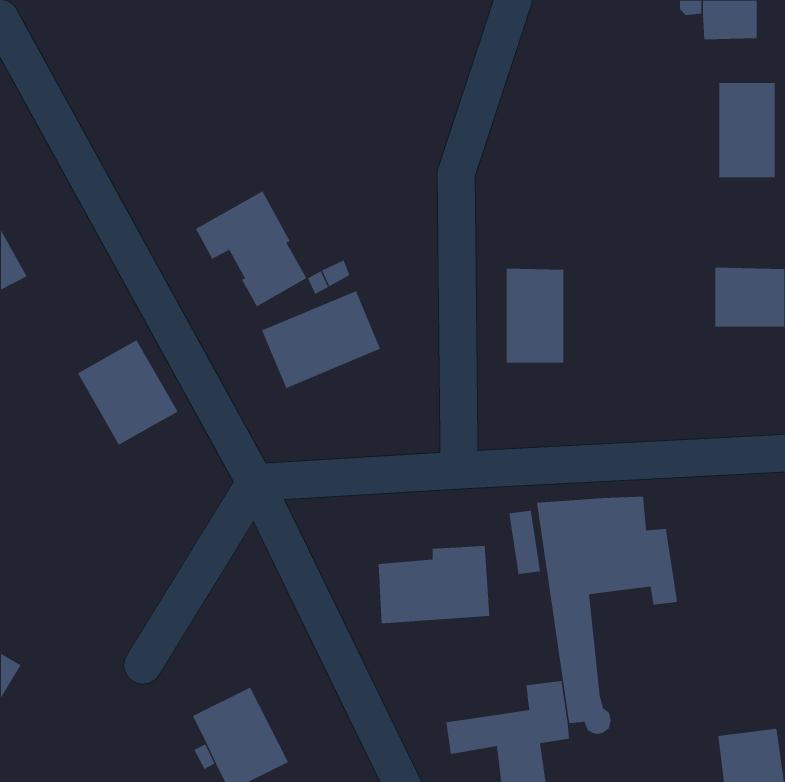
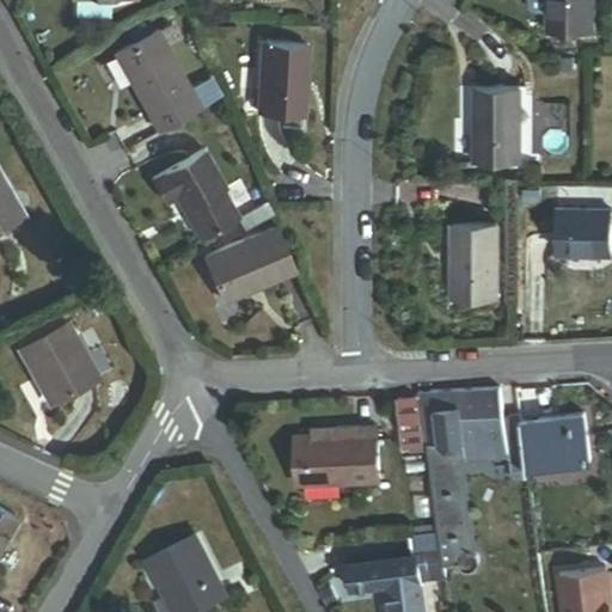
building: none -> [114,29,201,133]
building: none -> [257,45,308,117]
building: [719,83,776,178] -> [475,88,519,163]
building: [506,268,564,363] -> [452,225,497,299]
building: [77,340,178,446] -> [18,323,97,405]
building: none -> [520,414,588,469]

